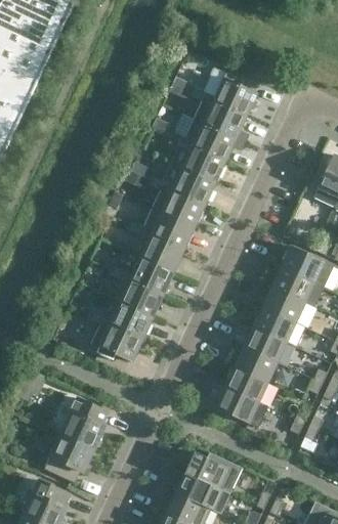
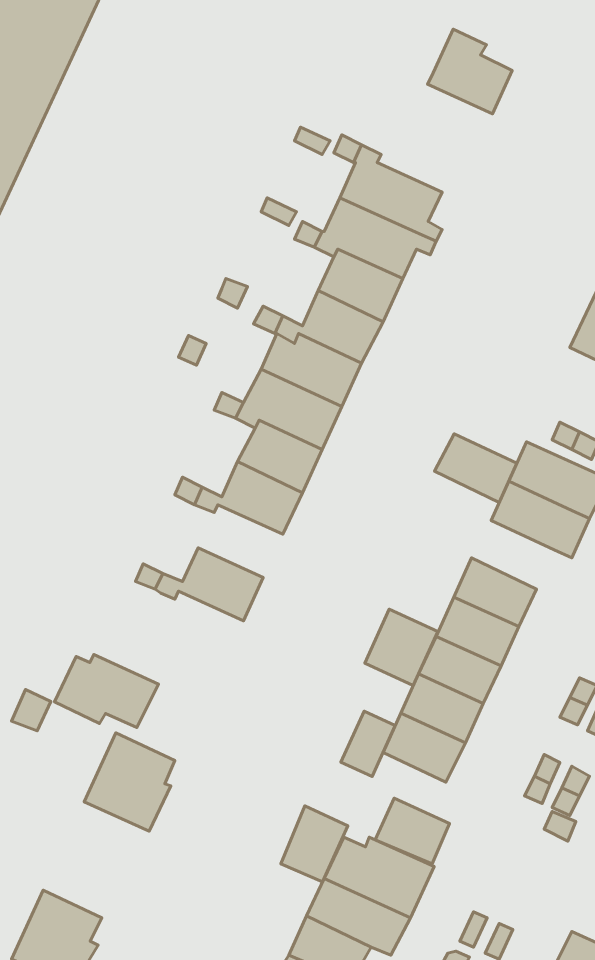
building: [212,72,256,116] -> [428,29,512,114]
building: [119,278,163,316] -> none
building: [261,287,304,322] -> [434,434,517,503]
building: [88,323,142,361] -> [54,655,159,727]
building: none -> [365,609,438,685]
building: none -> [341,711,395,776]
building: none -> [375,798,450,864]
building: [43,433,93,482] -> none
building: none -> [281,806,348,882]

